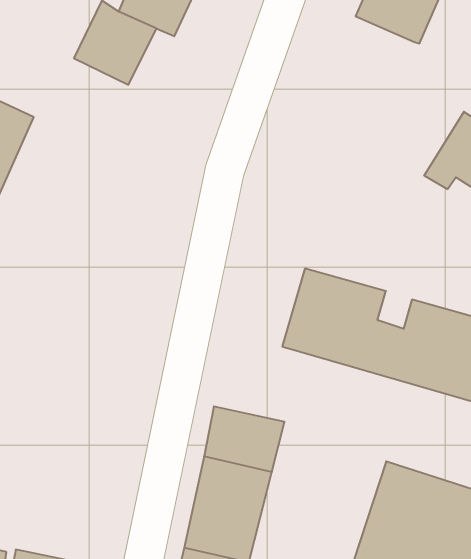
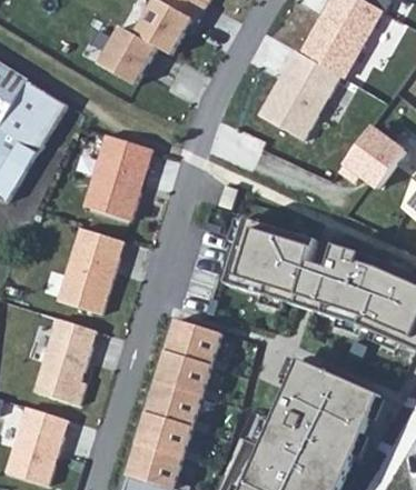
building: none -> [258,48,341,140]
building: none -> [85,132,155,218]
building: none -> [59,224,126,311]
building: none -> [34,316,98,402]

